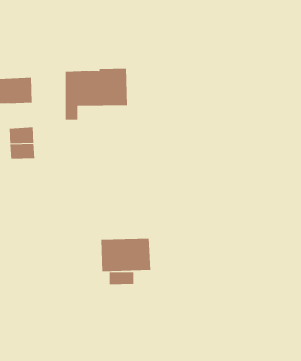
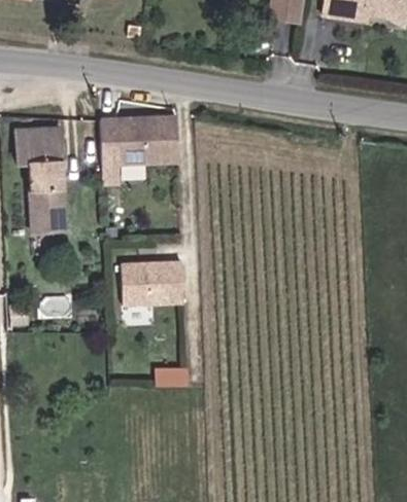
building: none -> [30,160,62,192]
building: [101,238,151,272] -> [121,262,183,304]

